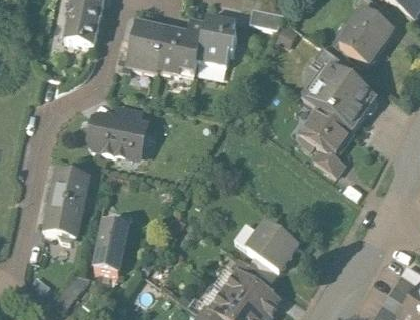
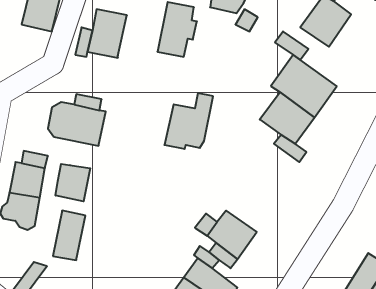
building: [158,18,206,73] -> [164,93,213,149]
building: none -> [56,164,90,201]

